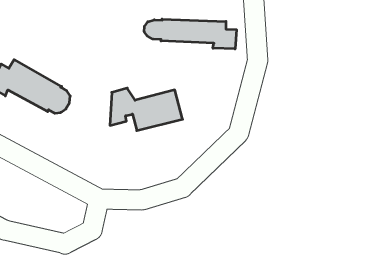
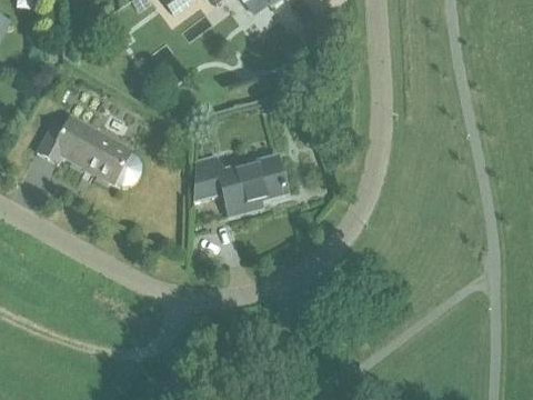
building: [144,19,236,49] -> none

